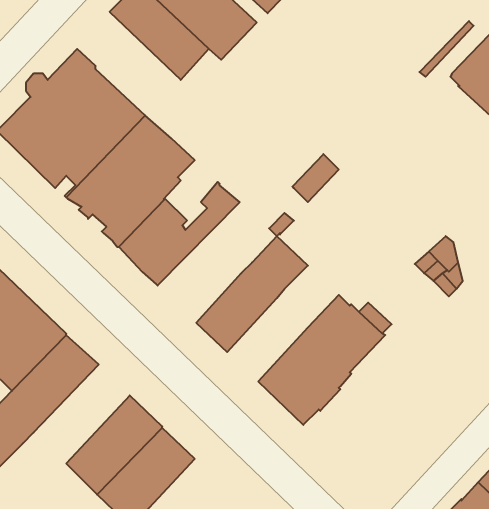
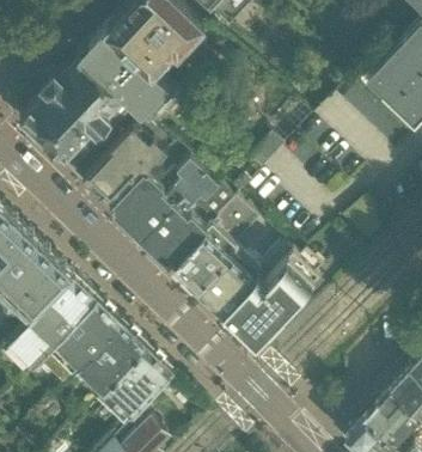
building: none -> [79,28,177,126]
building: none -> [141,175,216,268]
building: none -> [195,249,257,313]
building: none -> [37,300,120,385]

